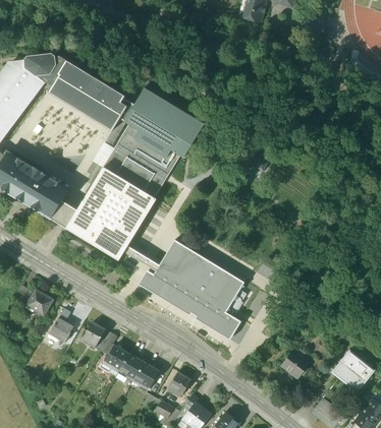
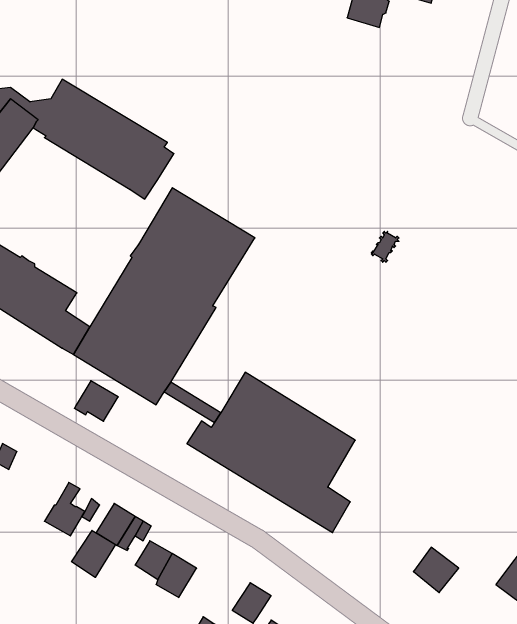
building: [123,86,204,157] -> none
building: [25,289,53,314] -> [74,381,118,421]
building: none -> [72,530,115,577]
building: [132,362,159,389] -> none

